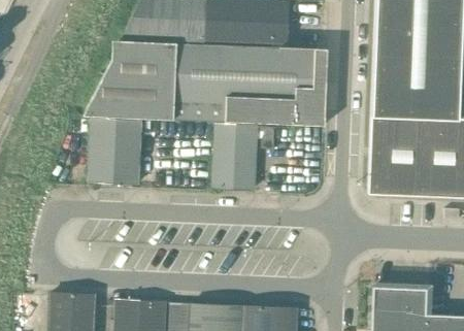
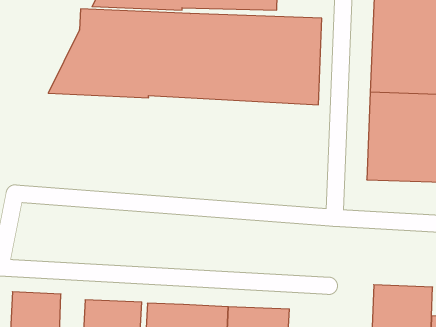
building: [88,120,140,184] -> none
building: [212,125,273,189] -> none

